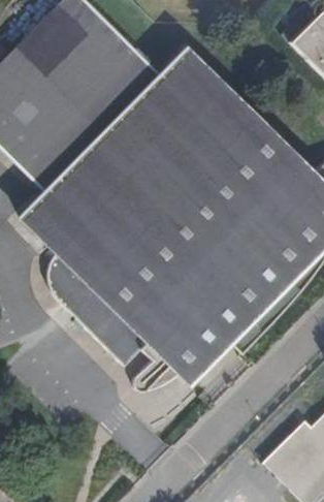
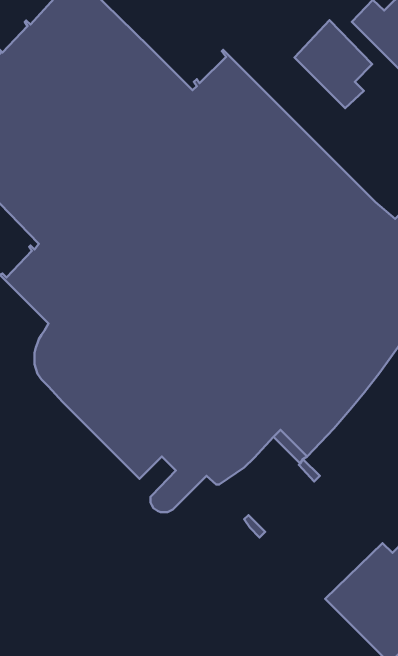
building: none -> [294,20,372,108]

